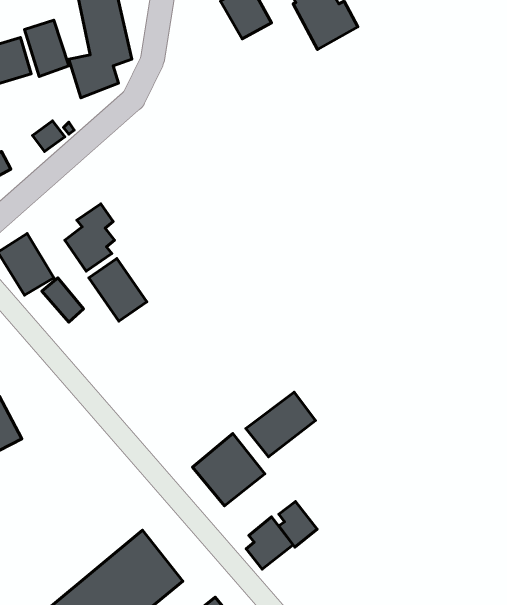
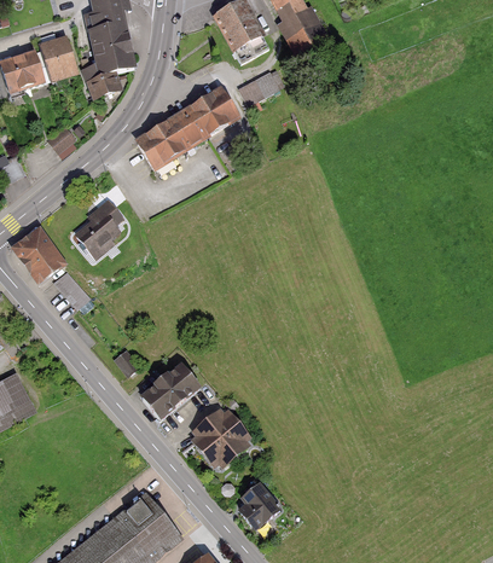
building: none -> [237,68,279,103]
building: none -> [135,85,239,170]
building: [89,258,147,321] -> none
building: [246,392,316,457] -> [138,362,201,420]
building: [279,502,317,547] -> none

